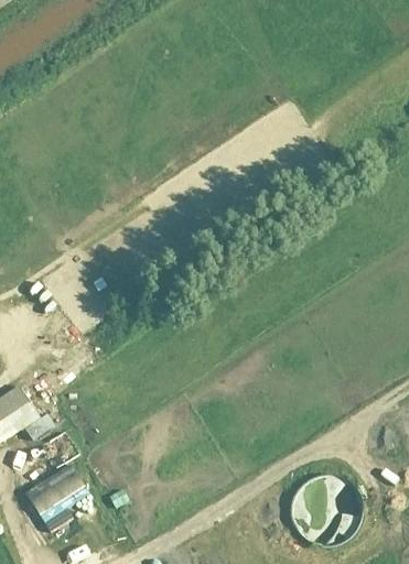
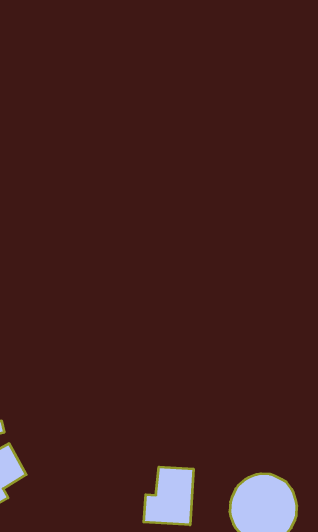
building: none -> [144,467,193,525]

